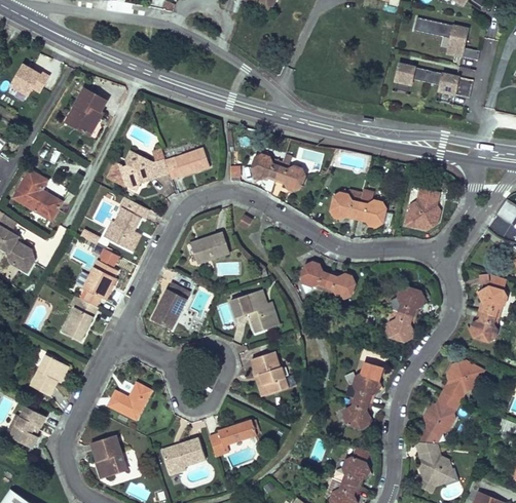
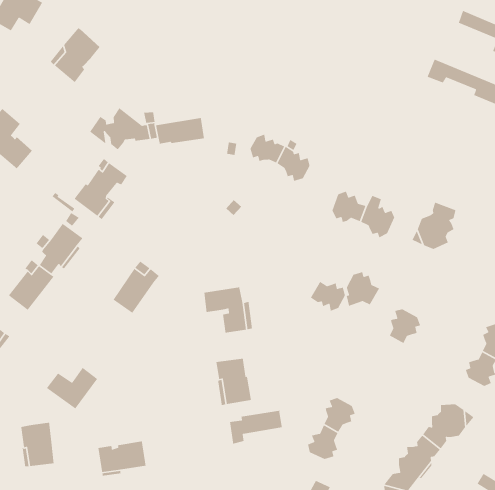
building: [191,232,229,264] -> none
building: [300,261,330,294] -> [346,271,380,307]
building: [385,311,413,342] -> none
building: [209,419,256,456] -> [229,410,283,444]

